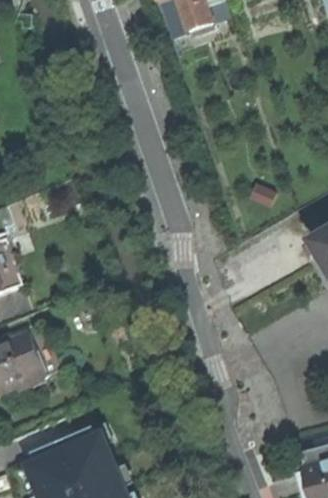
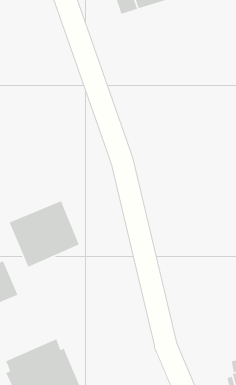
building: none -> [8,200,80,268]

